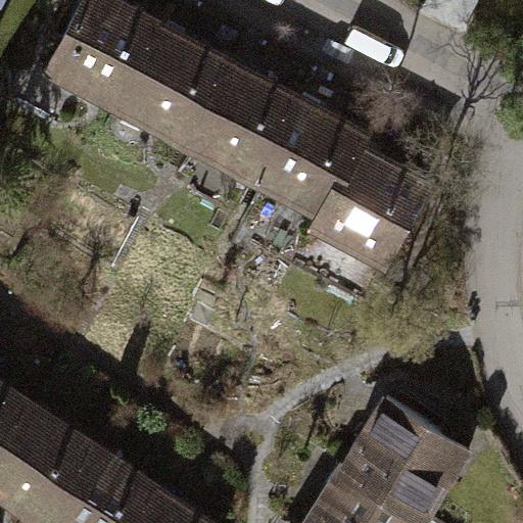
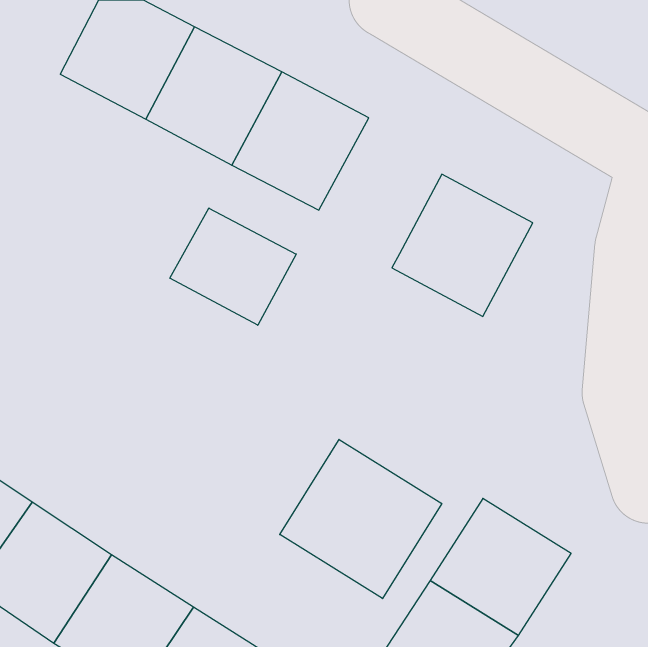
building: [254,100,358,208] -> none
building: none -> [170,208,296,325]
building: none -> [280,439,442,599]

